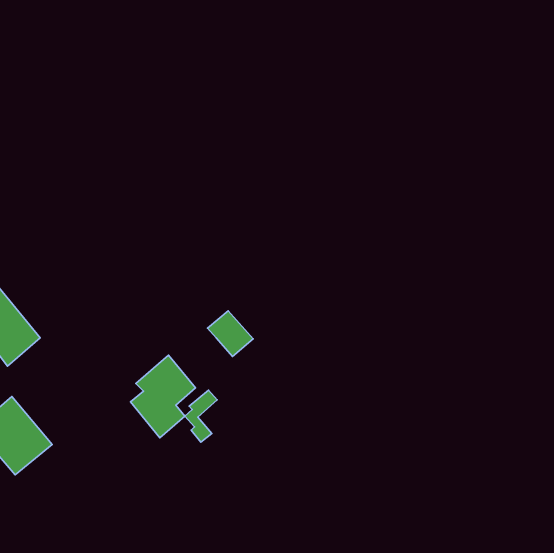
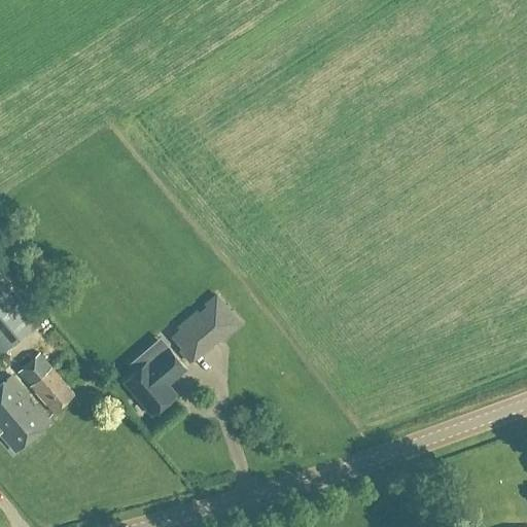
building: none -> [17,355,74,414]
building: [185,390,217,442] -> [174,313,205,362]

